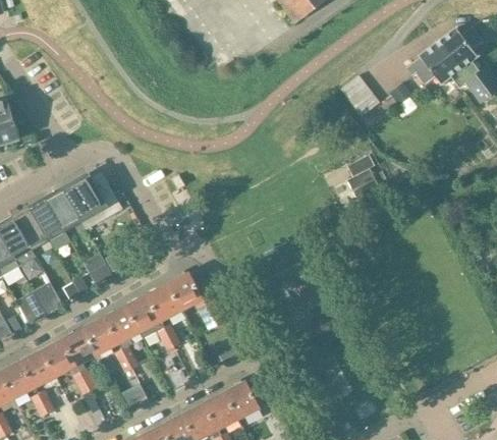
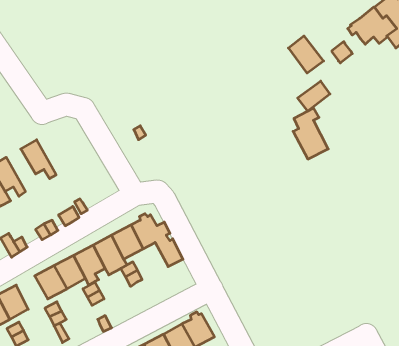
building: none -> [298,81,330,111]
building: [64,175,117,228] -> none
building: [31,200,63,246] -> none
building: [42,339,76,376] -> none

